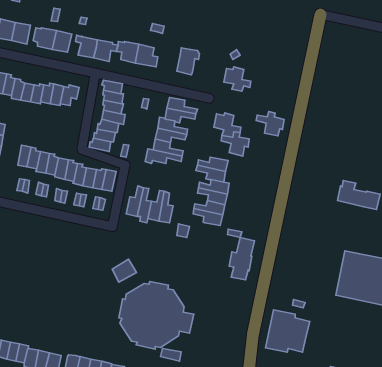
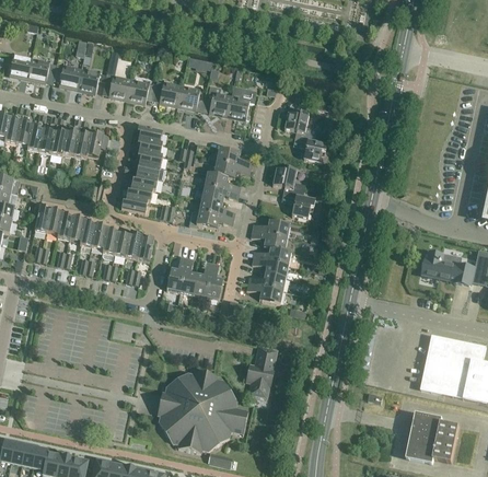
building: none -> [202,84,232,116]
building: [256,111,284,136] -> [293,133,327,163]
building: [229,237,255,280] -> [246,346,277,397]
building: [112,259,137,282] -> none
building: [265,310,310,352] -> [406,410,460,462]

